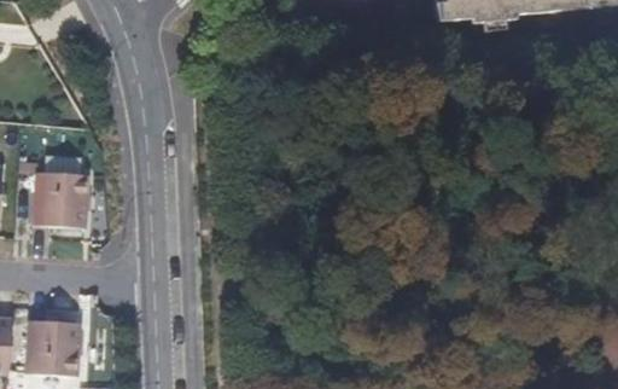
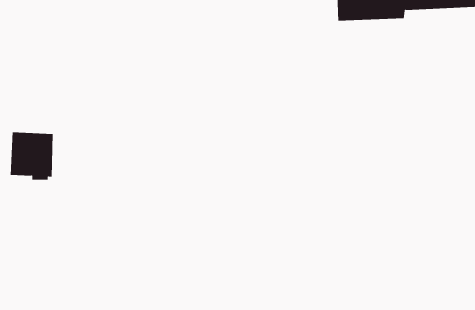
building: [28,312,83,372] -> none

